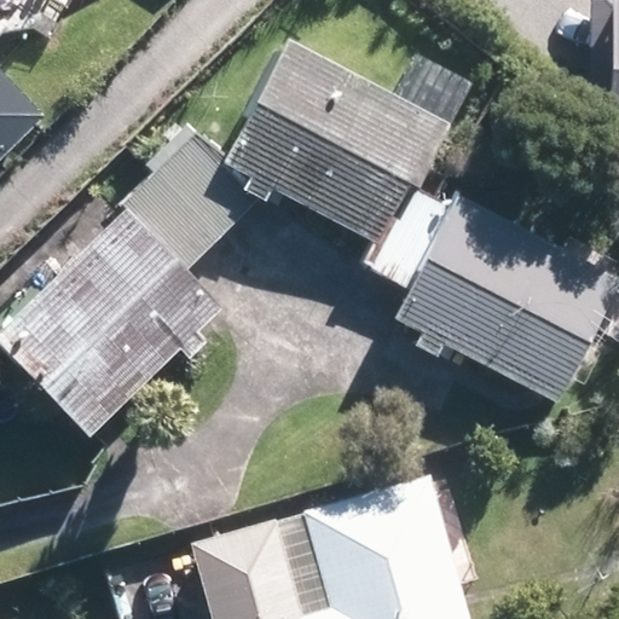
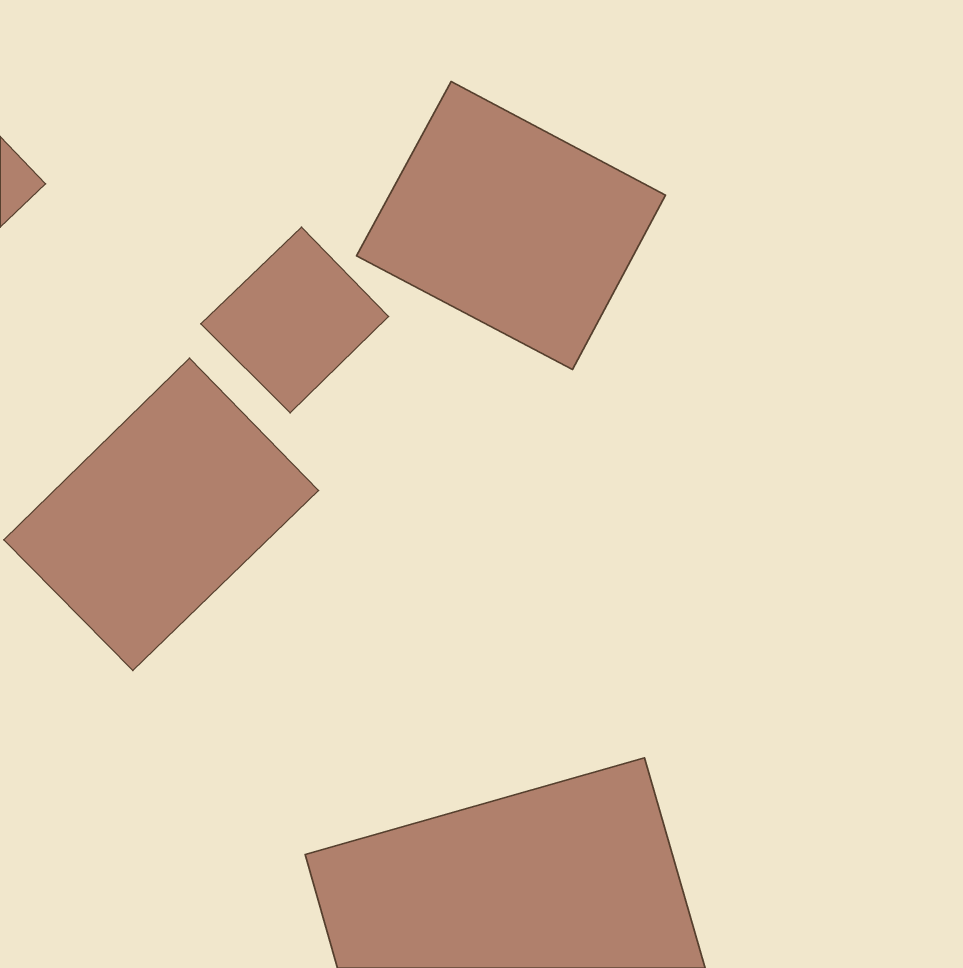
building: [401,209,601,391] -> none

